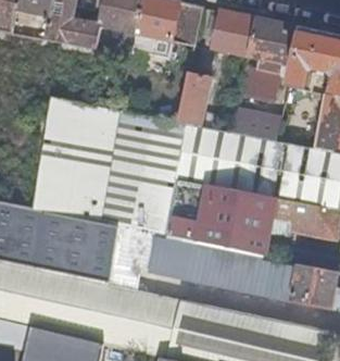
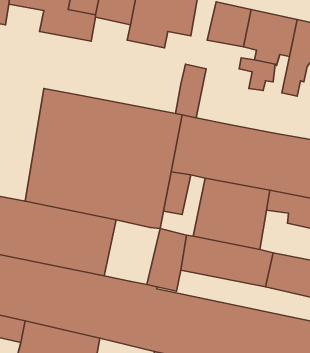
building: [232,110,281,141] -> none
building: [164,183,209,244] -> none
building: [109,227,154,288] -> none

